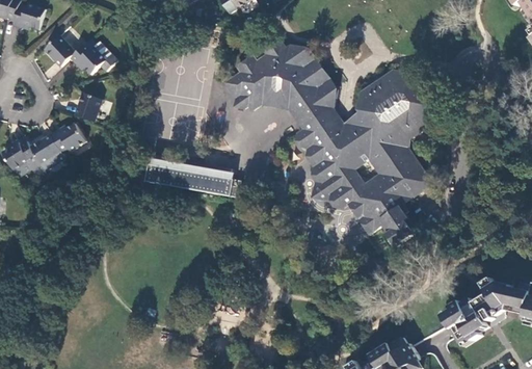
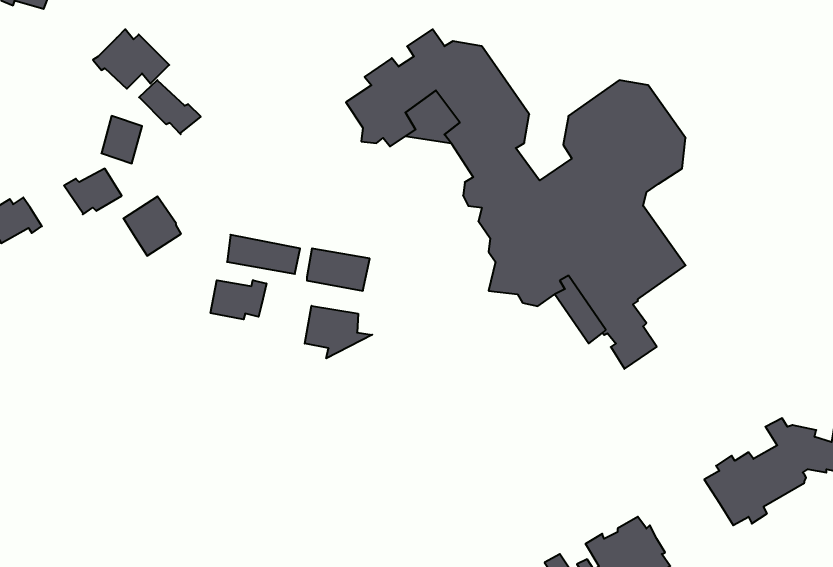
building: [44,37,73,68] -> none
building: none -> [139,80,201,134]
building: [31,134,66,170] -> [123,196,181,256]
building: none -> [211,280,266,319]
building: none -> [305,306,372,358]

